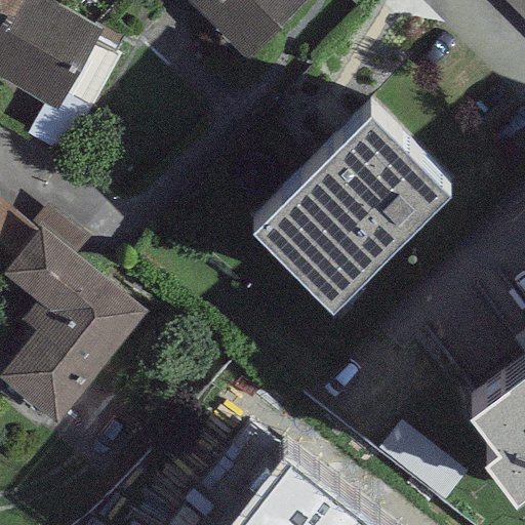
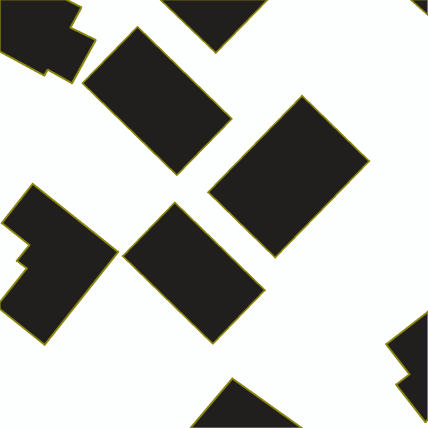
building: none -> [83,27,232,175]
building: none -> [123,203,265,344]

